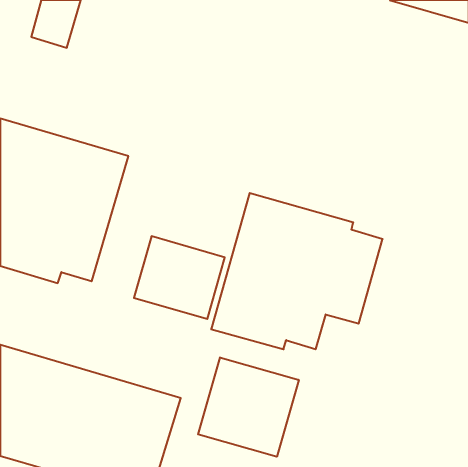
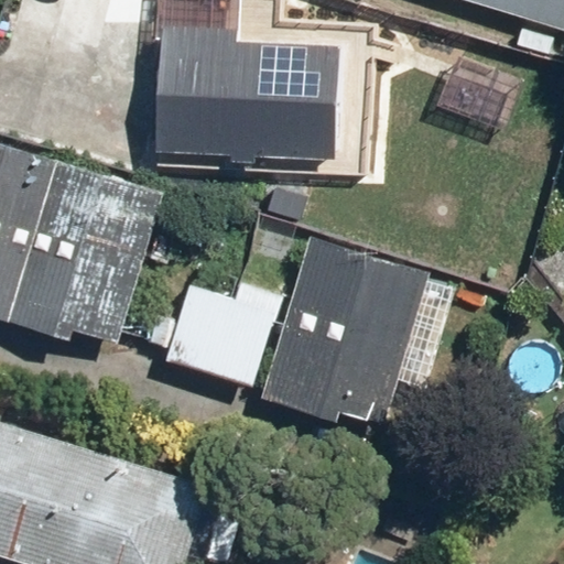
building: none -> [153,25,339,158]
building: [198,357,299,457] -> none

